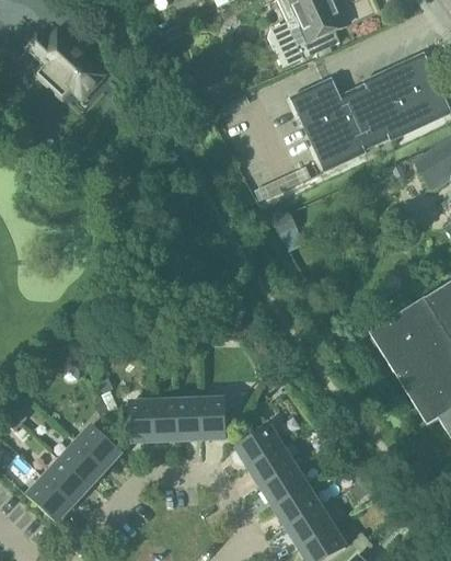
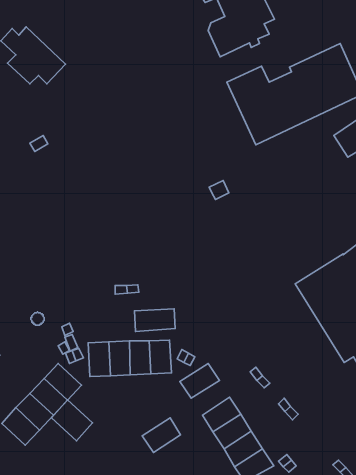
building: none -> [134,309,175,331]
building: [250,445,294,485] -> [142,418,181,453]
building: none -> [52,400,93,441]

